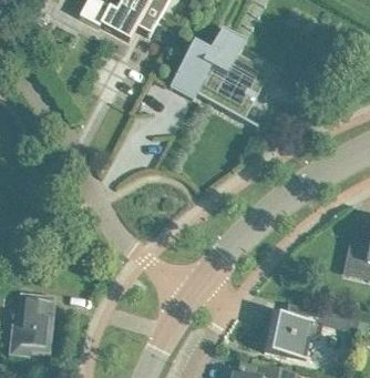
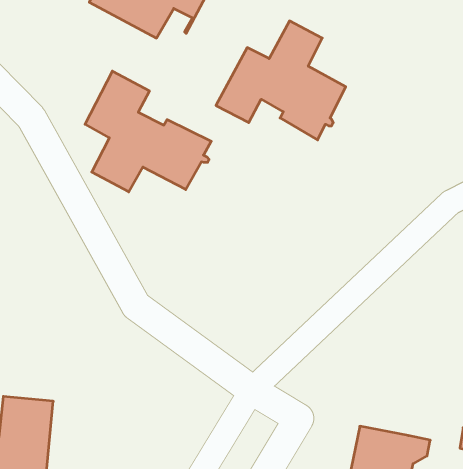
building: none -> [85,71,211,192]

